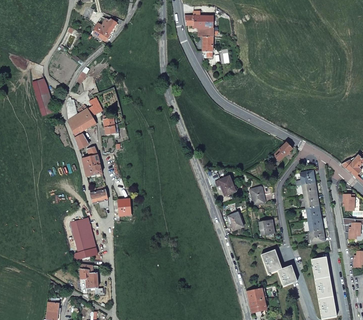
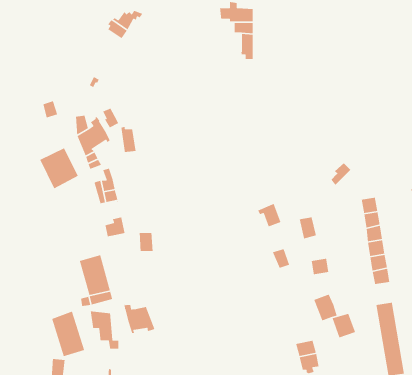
building: none -> [39,147,79,189]
building: none -> [124,303,155,334]
building: none -> [51,311,85,357]

